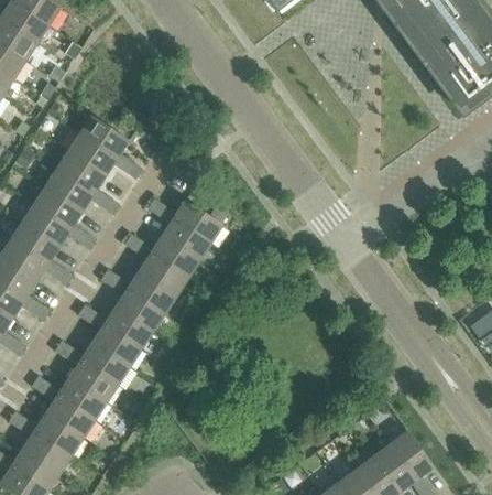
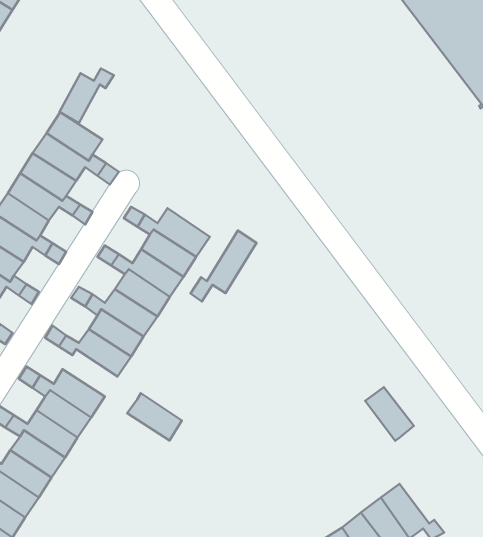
building: none -> [60,68,114,123]
building: none -> [191,231,256,301]
building: [92,325,141,367] -> [127,393,182,441]
building: [390,432,433,480] -> [365,387,414,441]

